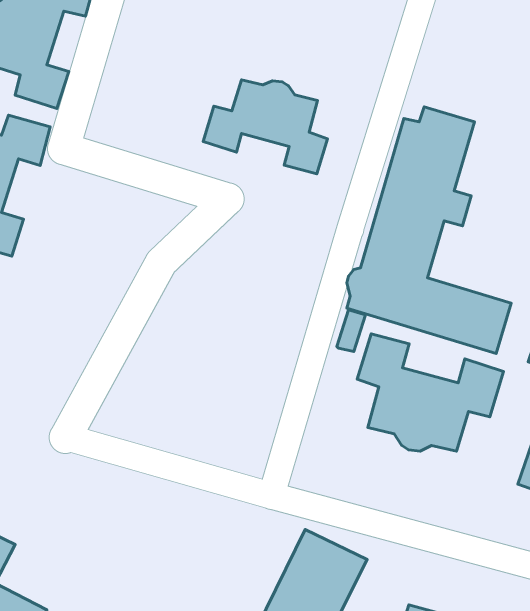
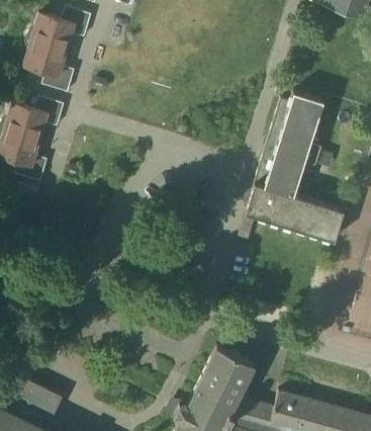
building: [203,80,328,174] -> none
building: [357,334,503,451] -> none

